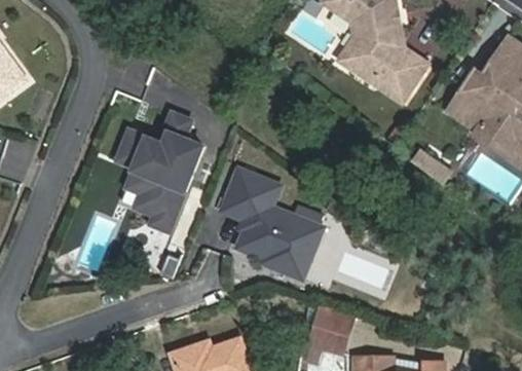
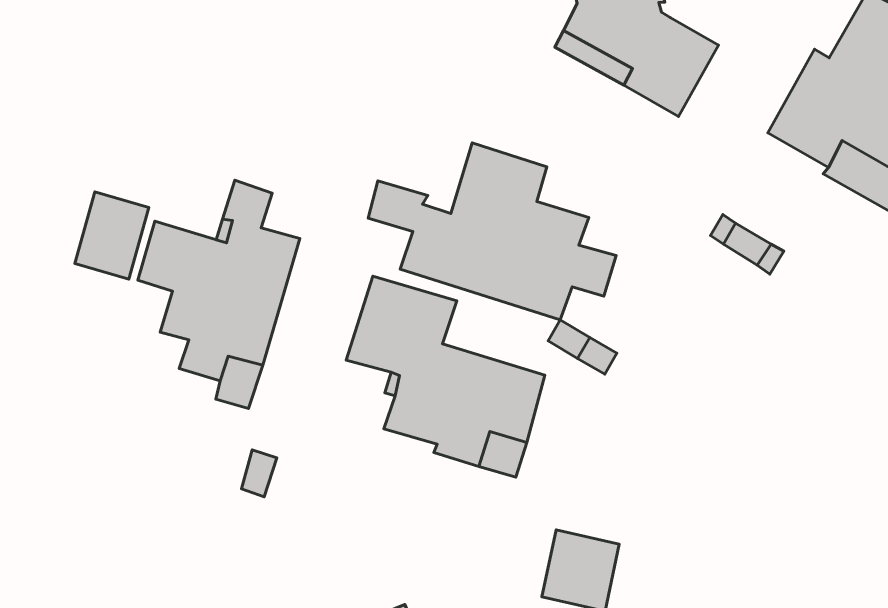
building: none -> [368,143,616,320]
building: none -> [75,192,149,279]

